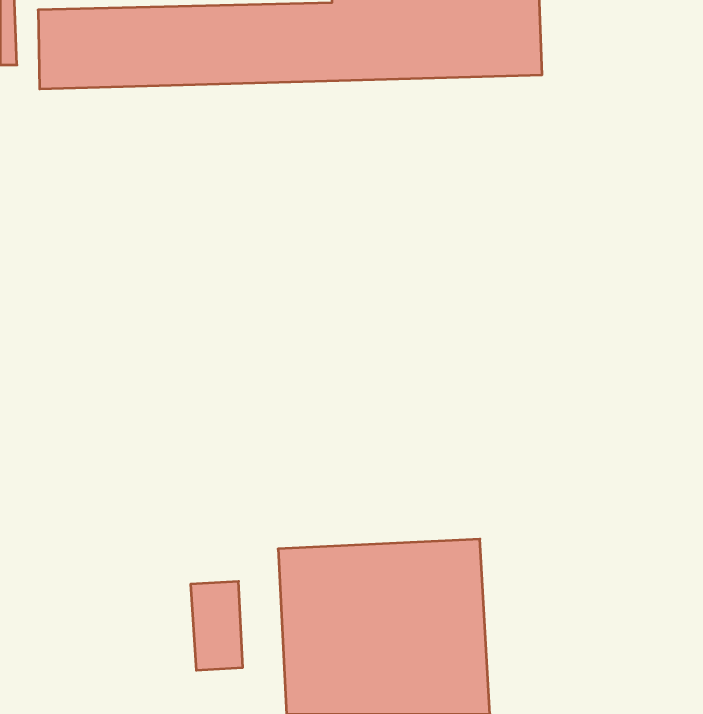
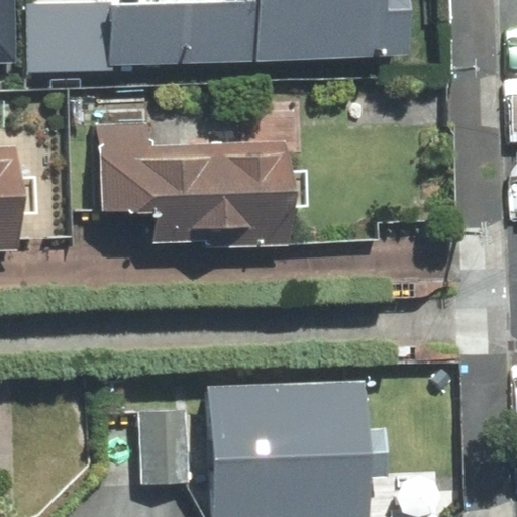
building: none -> [101,129,283,243]

